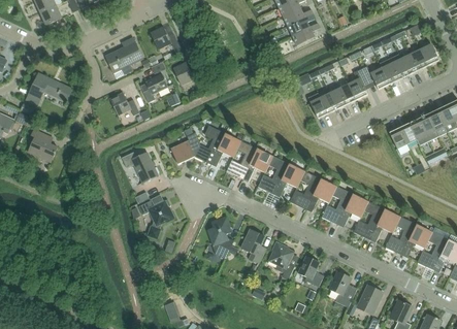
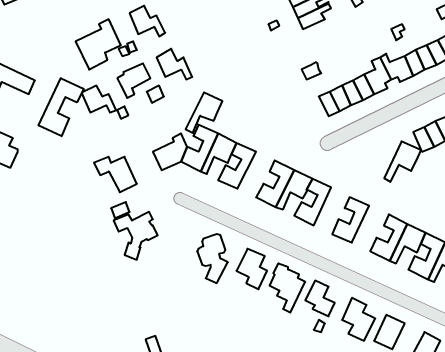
building: none -> [39,78,84,136]
building: [241,147,272,182] -> [186,92,222,133]
building: [305,177,335,211] -> none
building: [337,193,368,227] -> [384,141,421,182]

